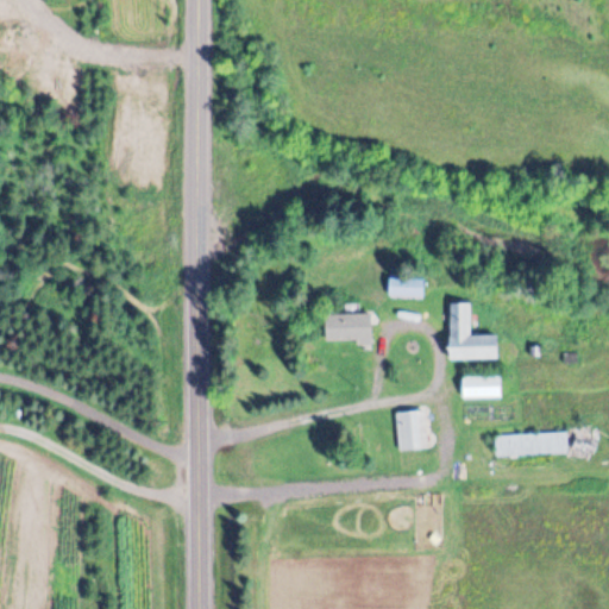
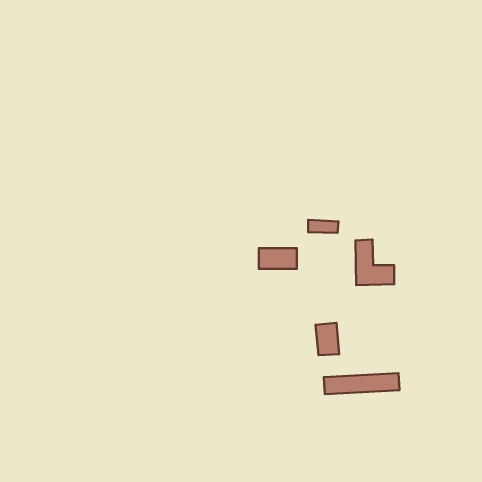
building: [462,375,503,398] -> none
building: [495,429,590,456] -> [324,373,400,394]

